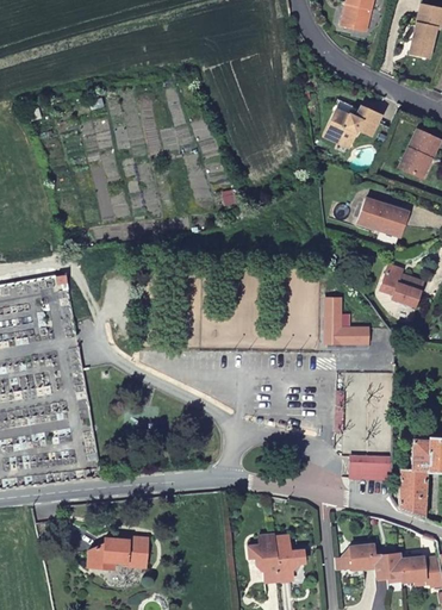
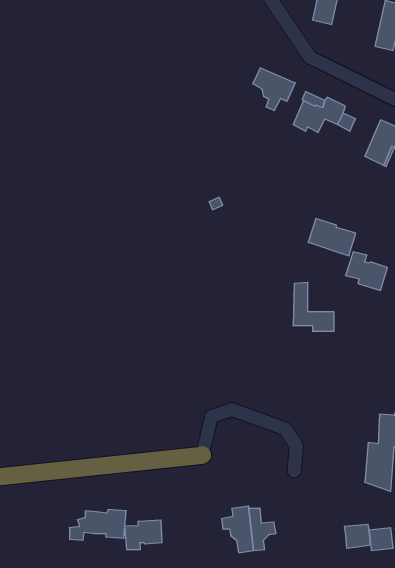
building: none -> [253,68,295,111]
building: [356,197,406,236] -> [308,218,356,256]
building: [349,456,387,481] -> none
building: [337,543,379,569] -> none
building: none -> [125,520,162,550]

